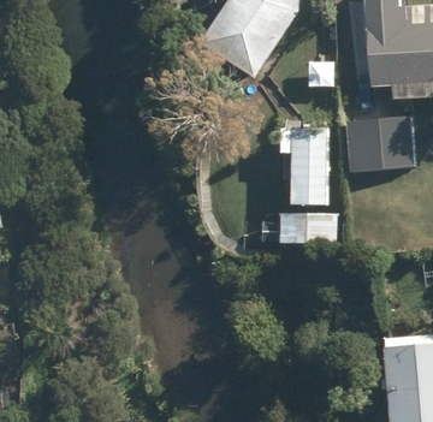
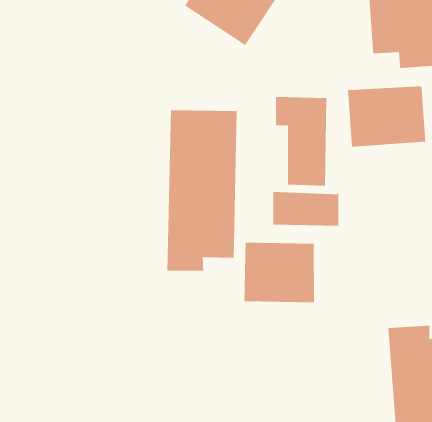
building: none -> [167,109,237,272]
building: none -> [244,242,315,303]

